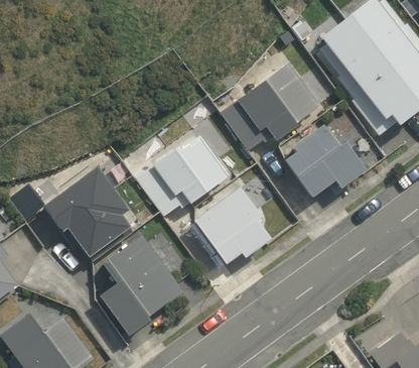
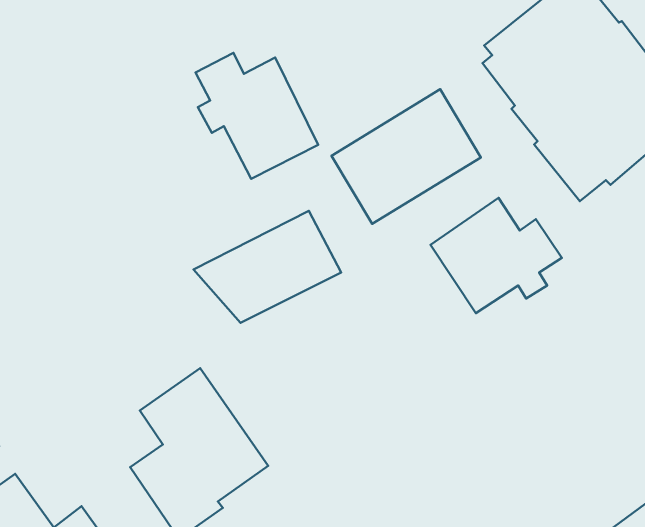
building: none -> [195,53,318,179]
building: [42,168,135,261] -> none
building: [195,191,273,266] -> none

